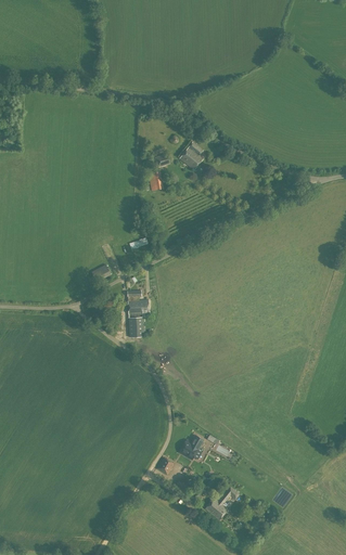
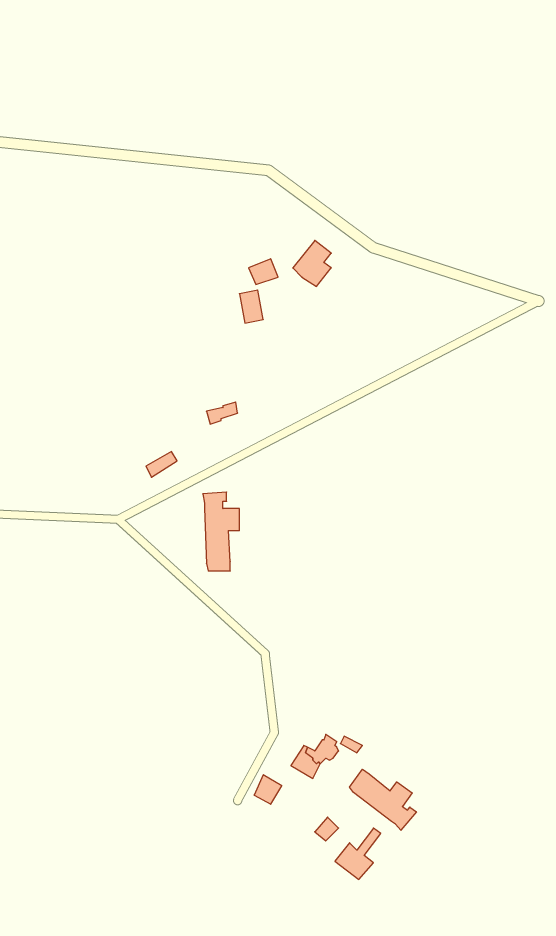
building: none -> [350,769,416,830]

